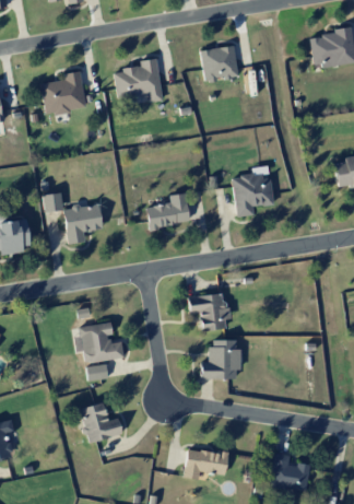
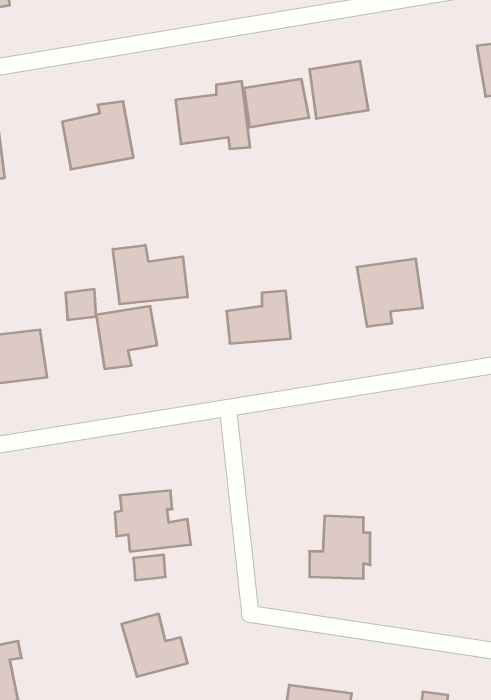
building: none -> [244,79,309,127]
building: none -> [113,245,188,304]
building: [188,293,228,331] -> none

